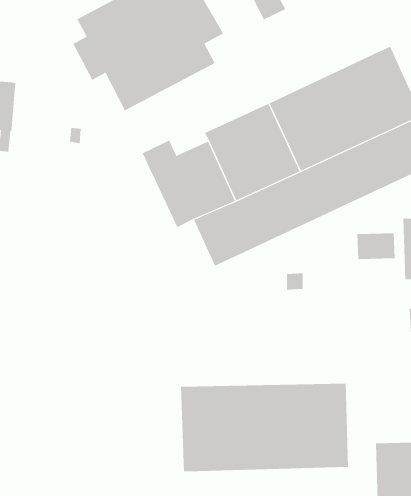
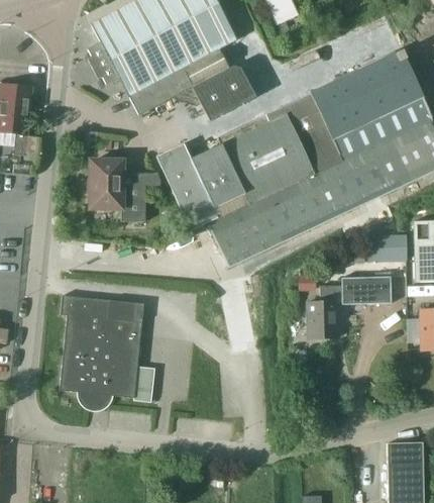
building: none -> [178,67,253,121]
building: none -> [91,160,160,220]
building: none -> [307,276,392,337]
building: none -> [60,293,151,404]
building: [181,383,348,472] -> none

